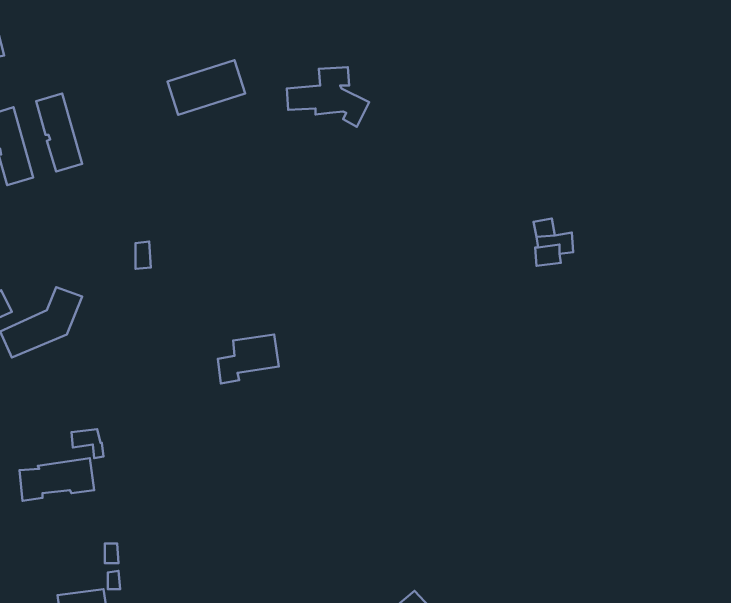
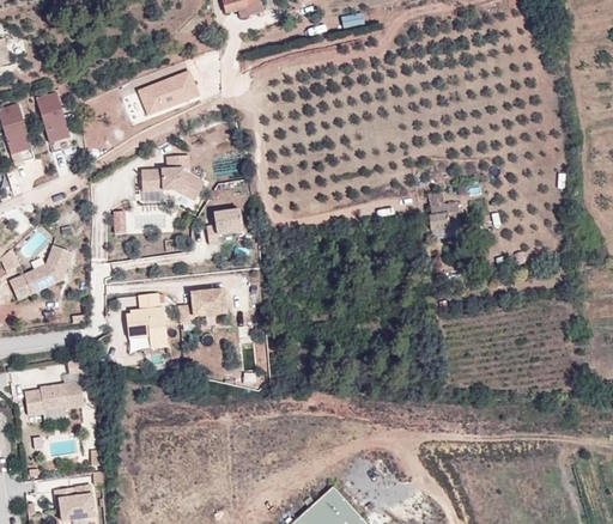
building: [287,67,369,127] -> [140,153,205,200]
building: none -> [207,207,243,243]
building: none -> [127,293,170,348]

